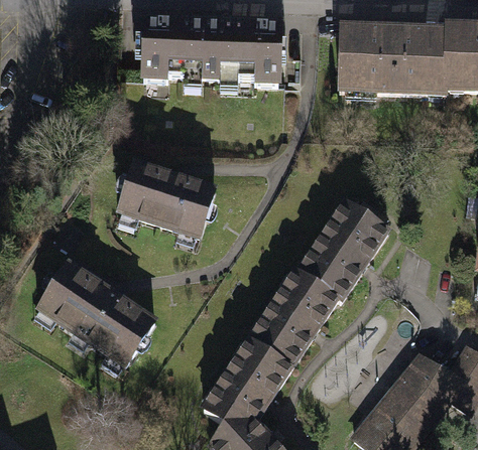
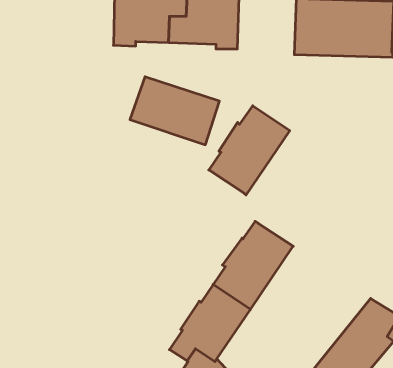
building: [118,160,215,234] -> [130,77,219,145]
building: [301,200,388,297] -> [209,106,290,195]
building: [38,260,155,361] -> none

